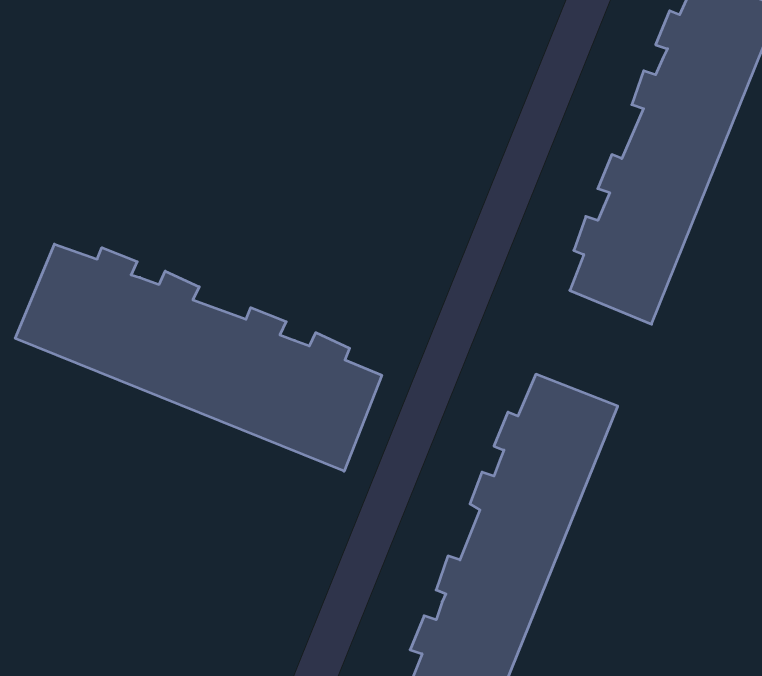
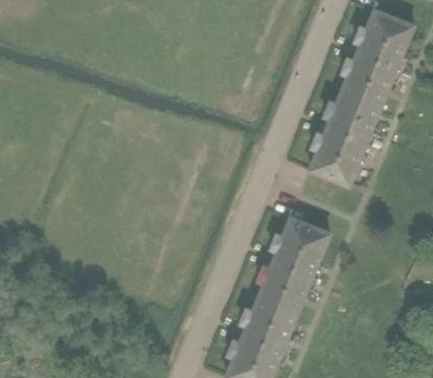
building: [15,244,382,471] -> none

